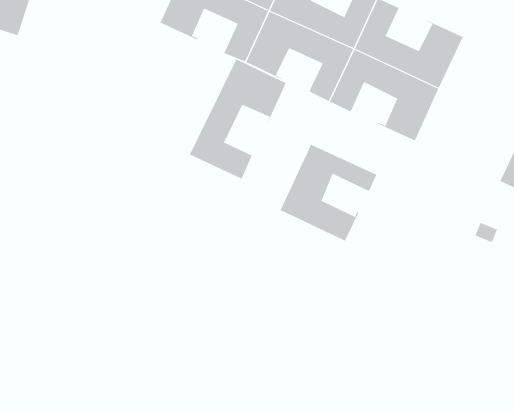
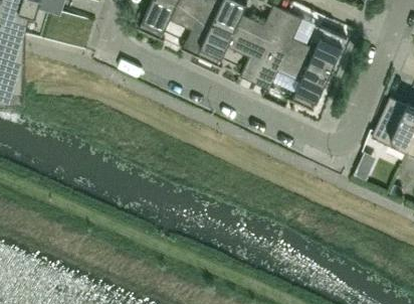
building: [189,58,287,179] -> none
building: [280,144,377,242] -> none

